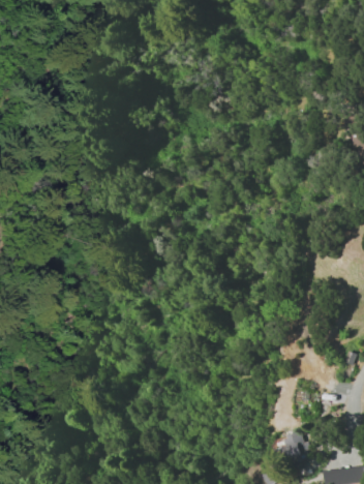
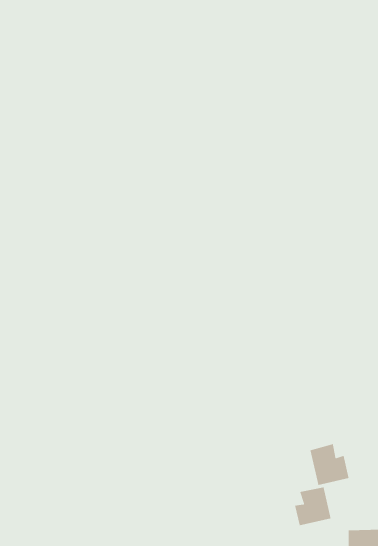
building: none -> [309,443,350,486]

